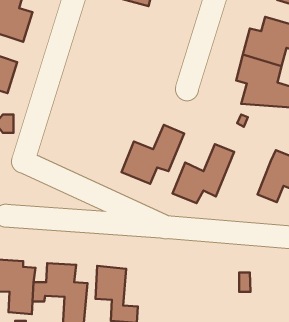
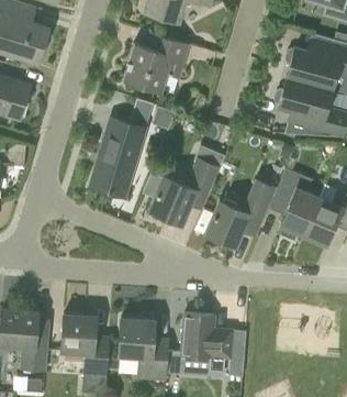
building: none -> [123,32,190,91]
building: none -> [92,99,153,196]
building: none -> [269,168,318,235]
building: none -> [179,313,233,375]

